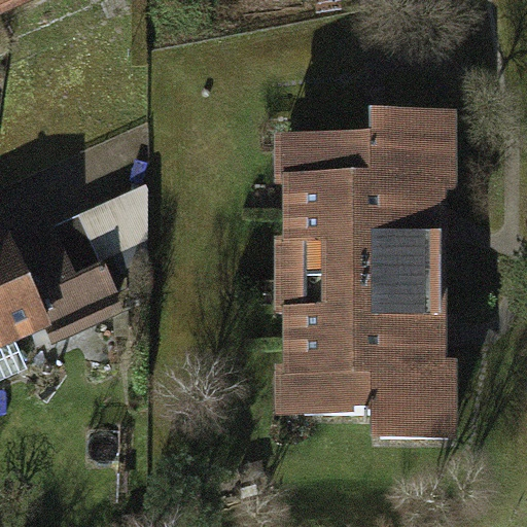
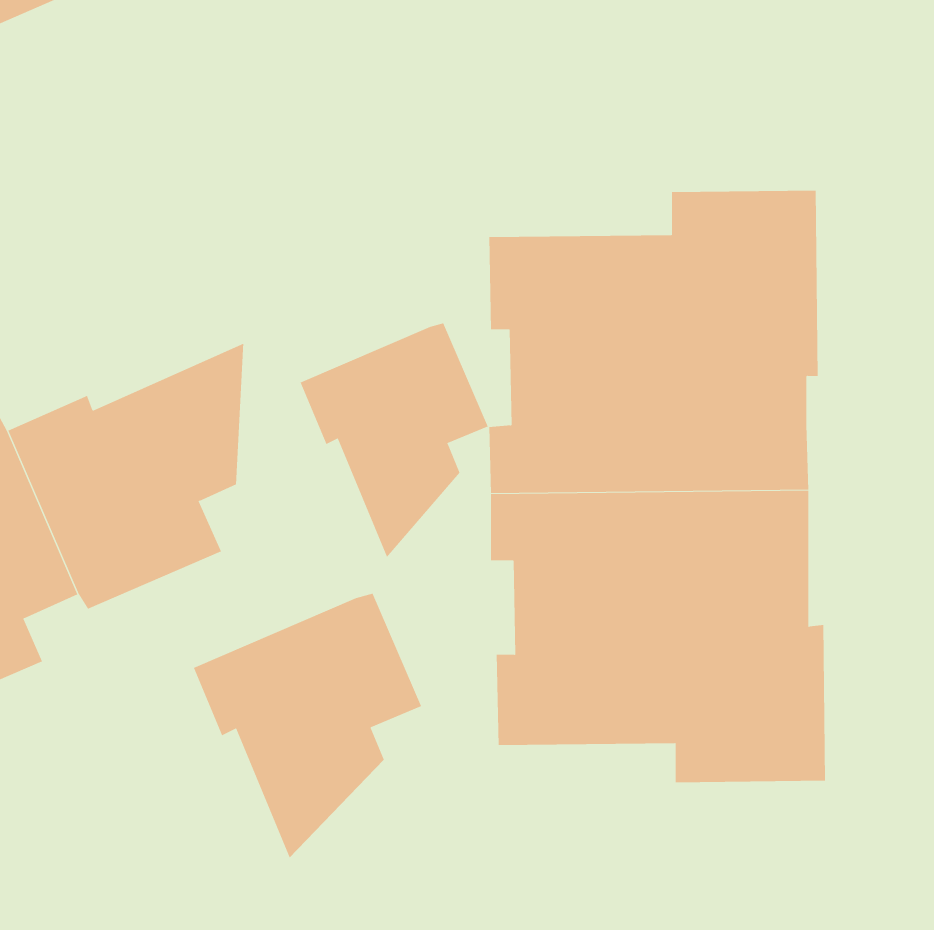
building: none -> [300,323,488,558]
building: none -> [193,593,422,859]

